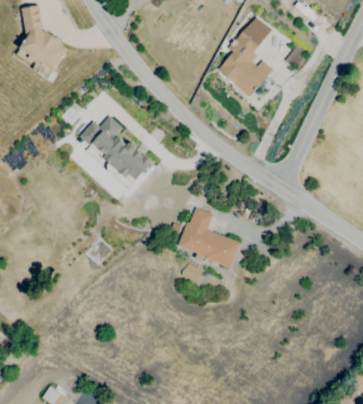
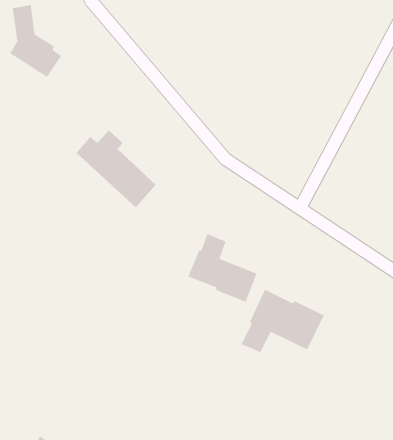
building: [216,15,273,96] -> none
building: none -> [241,289,325,353]

